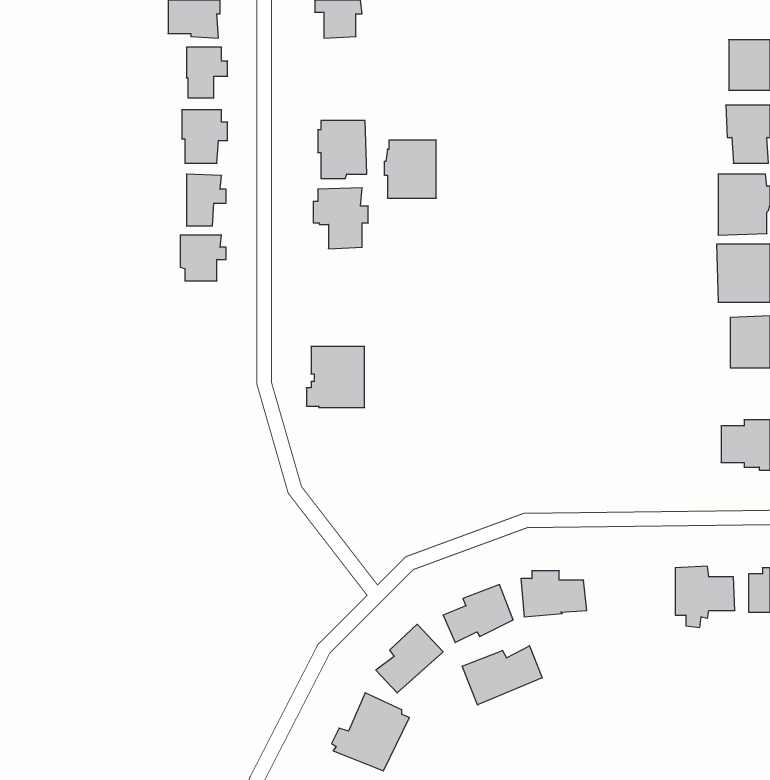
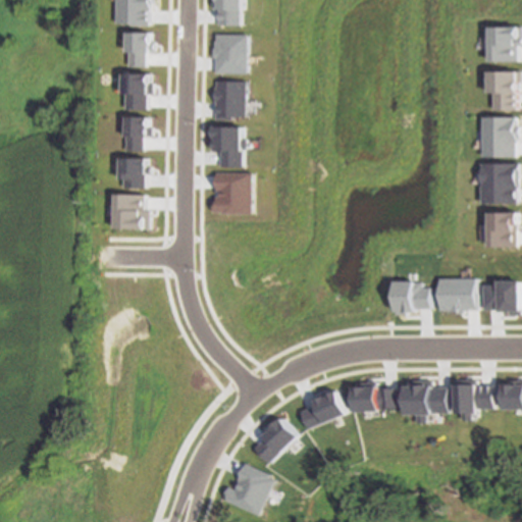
building: [384,140,436,198] -> [211,34,246,72]
building: none -> [115,194,150,229]
building: [306,347,365,408] -> [212,172,251,213]
building: none -> [436,277,476,312]
building: none -> [392,280,427,314]
building: none -> [399,379,445,415]
building: [462,646,542,705] -> none

